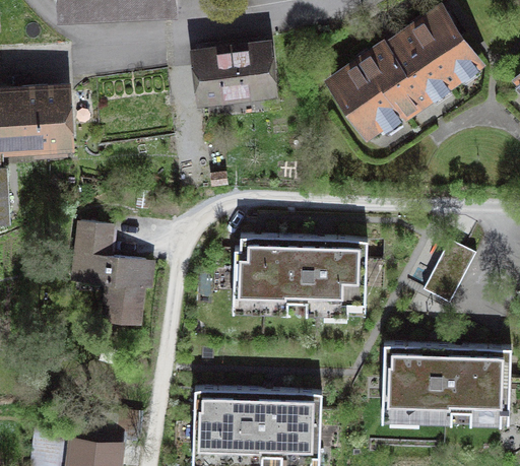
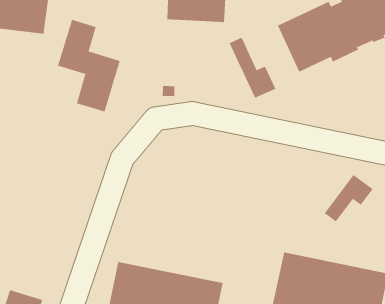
building: none -> [229,37,276,99]
building: [74,221,146,322] -> [57,19,120,112]
building: [234,234,368,304] -> none

